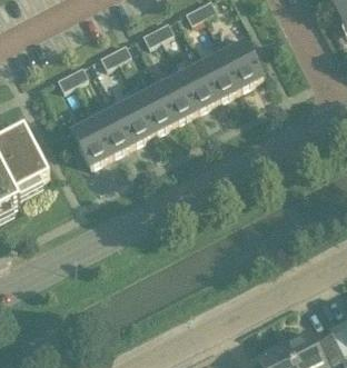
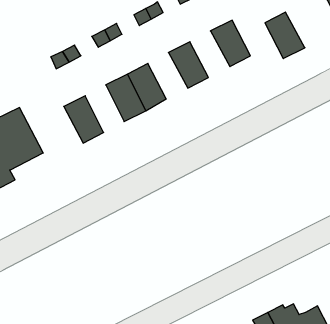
building: [201,52,242,100] -> [265,12,305,59]
building: [158,74,199,122] -> none
building: [93,108,133,157] -> none

